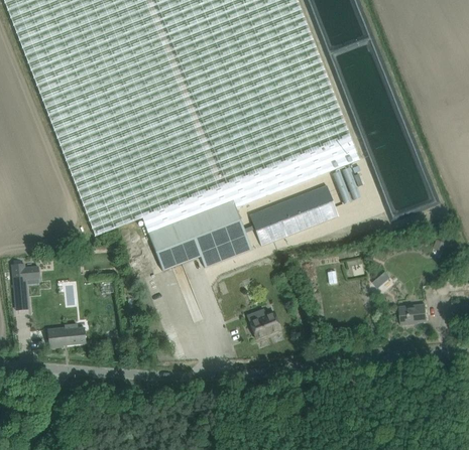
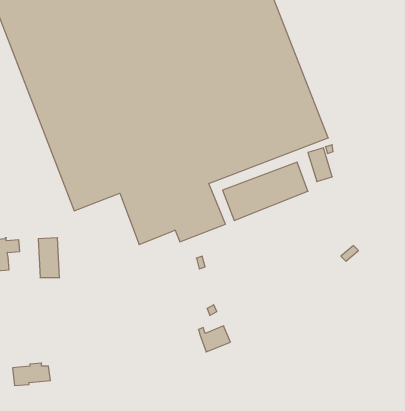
building: [399,303,427,323] -> none
building: [247,310,280,337] -> [198,326,230,352]
building: [46,323,86,346] -> [13,363,50,385]

